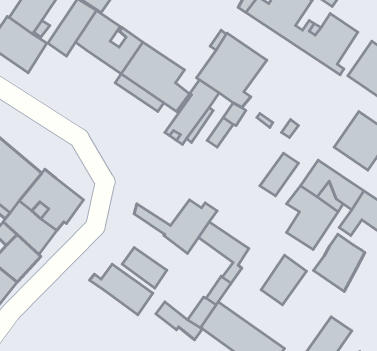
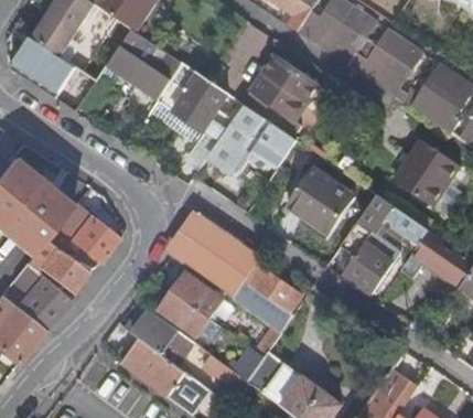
building: none -> [286,168,338,223]
building: none -> [175,208,251,267]
building: none -> [172,271,223,317]
building: [314,234,365,291] -> none
building: [261,255,307,305] -> none
building: none -> [114,339,202,401]

